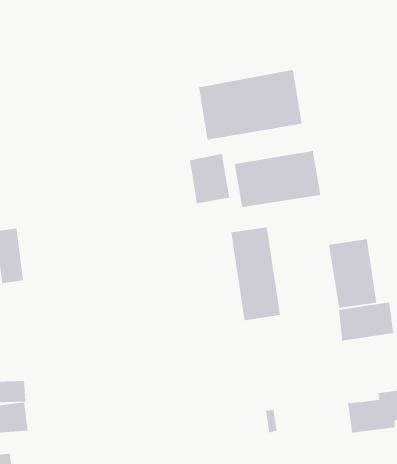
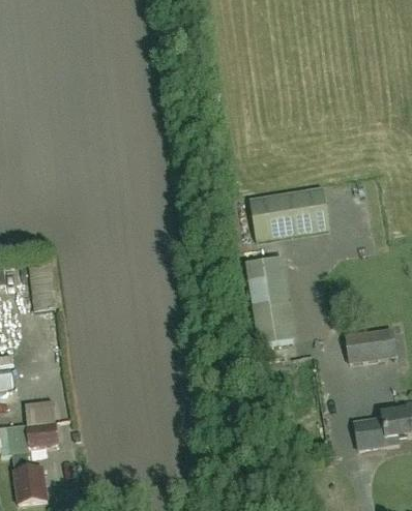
building: [199,69,302,140] -> none
building: [189,153,230,204] -> none
building: [328,239,377,309] -> none

